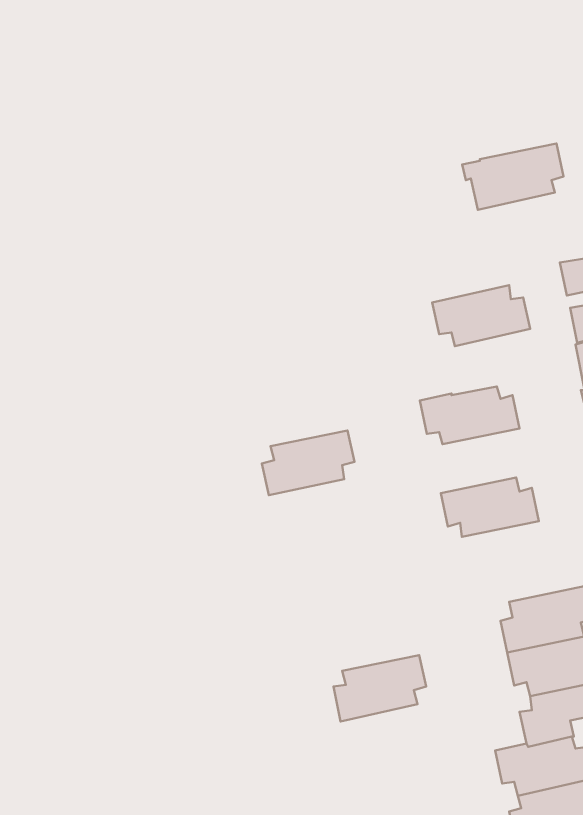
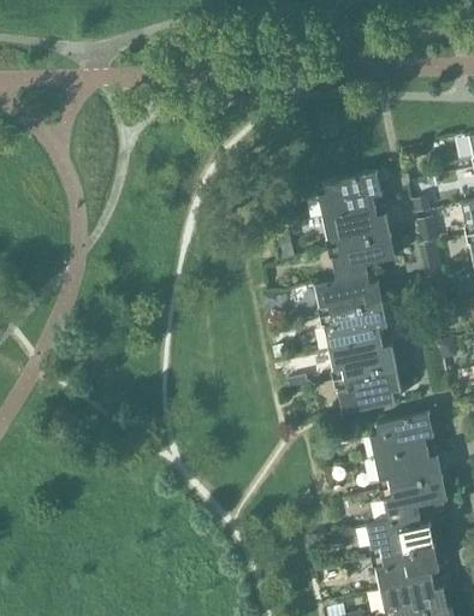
building: [462,143,564,210] -> [312,173,381,219]
building: none -> [331,237,395,283]
building: [262,430,355,495] -> [324,306,387,350]
building: [334,655,426,722] -> [337,369,401,415]

